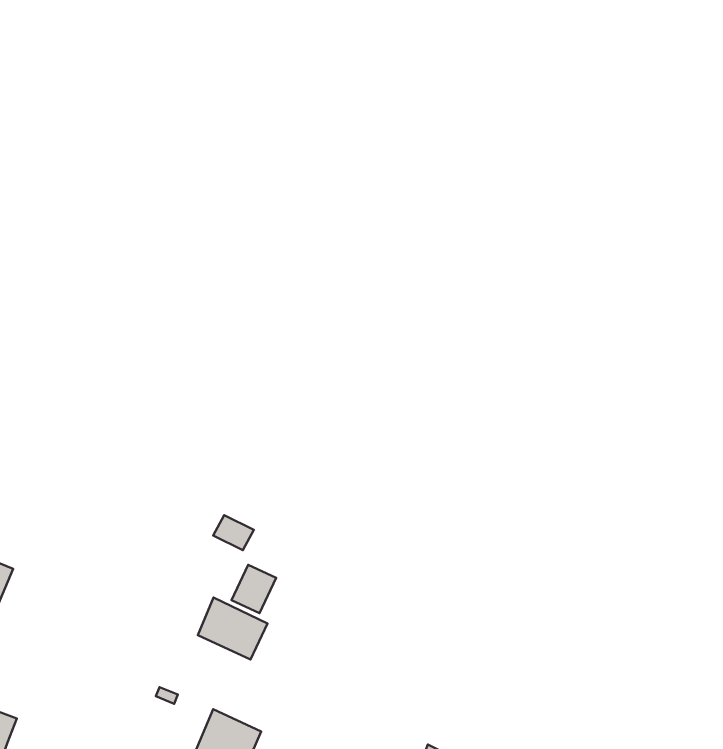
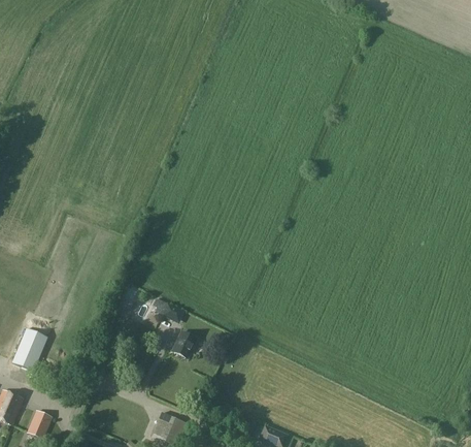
building: [198,598,267,660] -> none

